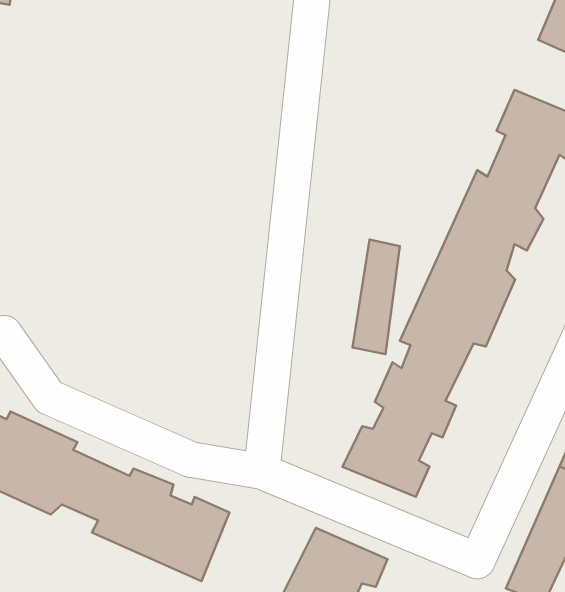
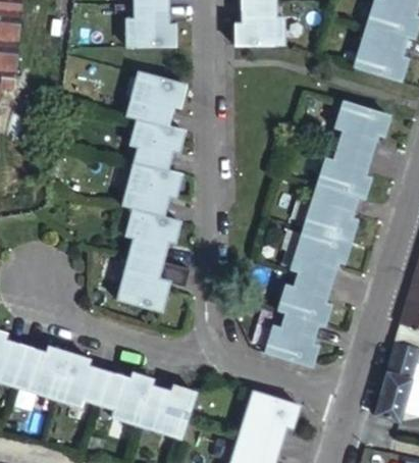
building: none -> [118,72,191,310]
building: [353,240,400,354] -> none

